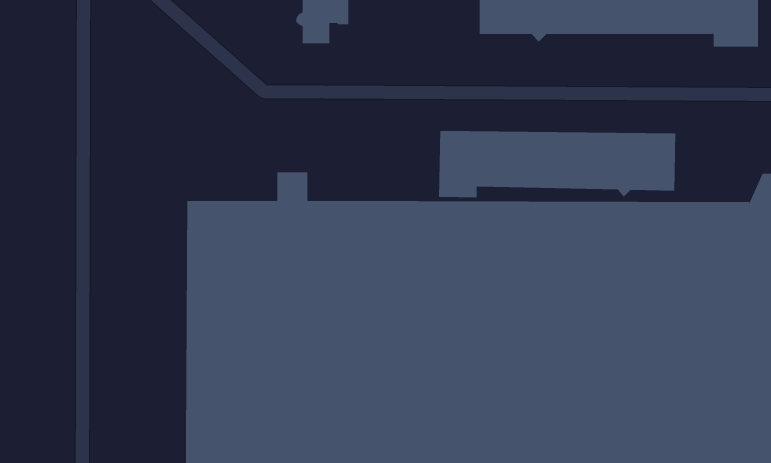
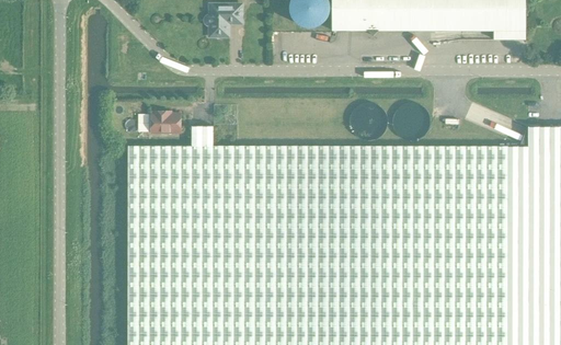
building: [438,130,676,198] -> none
building: none -> [151,112,181,133]

